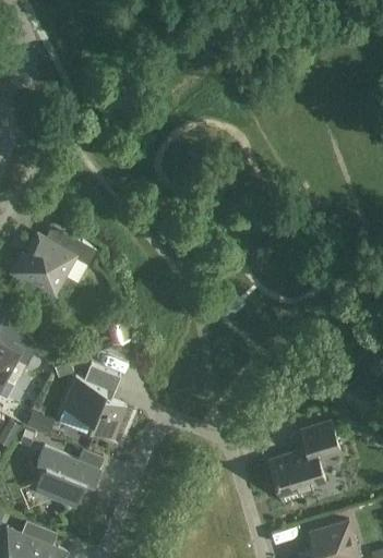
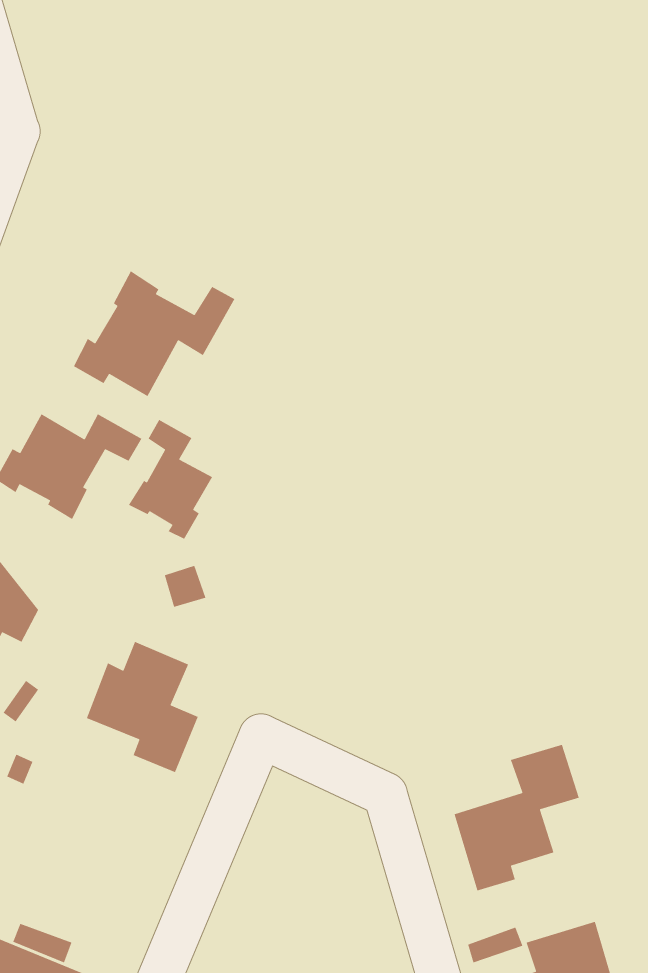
building: none -> [73,270,235,397]
building: none -> [128,419,213,540]
building: [34,447,99,507] -> none

